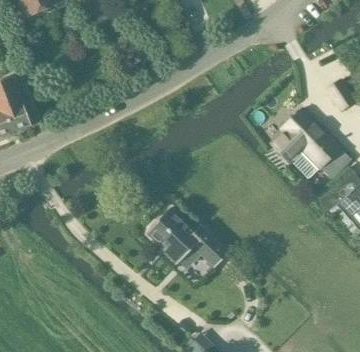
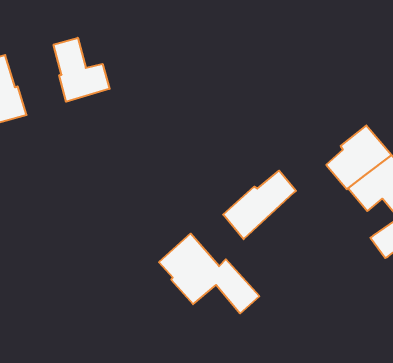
building: none -> [54,38,110,102]
building: none -> [223,171,296,239]

